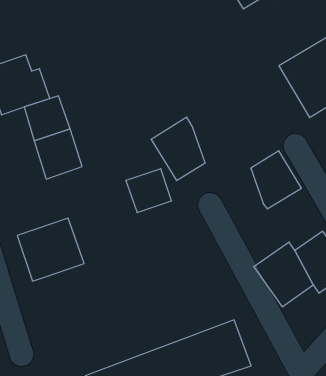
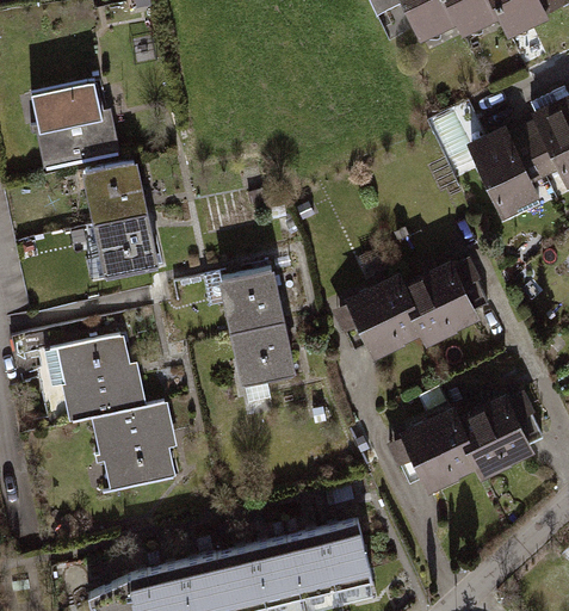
building: [151,117,205,180] -> [342,271,419,363]
building: none -> [231,322,297,388]
building: none -> [89,396,179,489]

